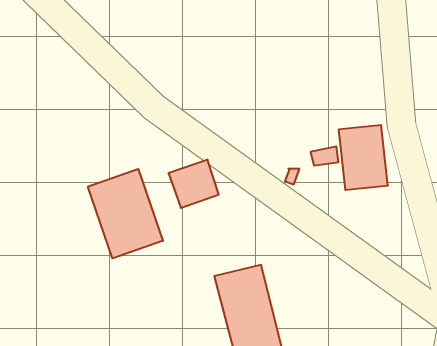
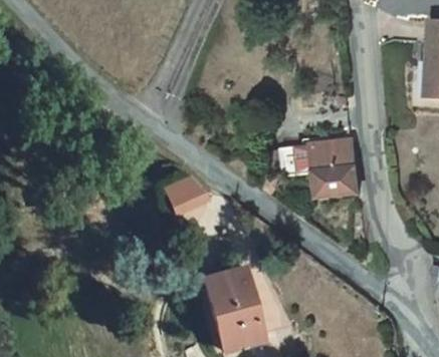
building: [88,169,163,258] -> none

